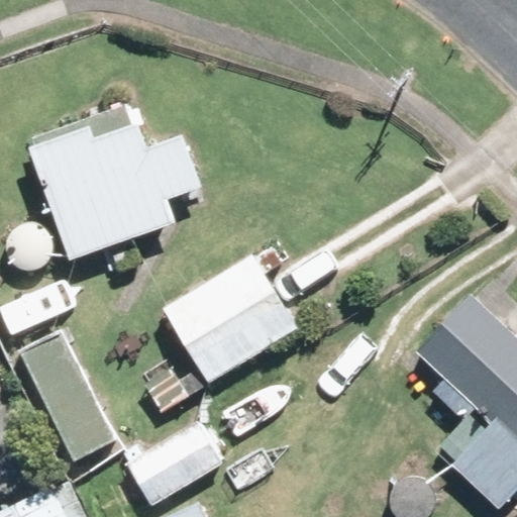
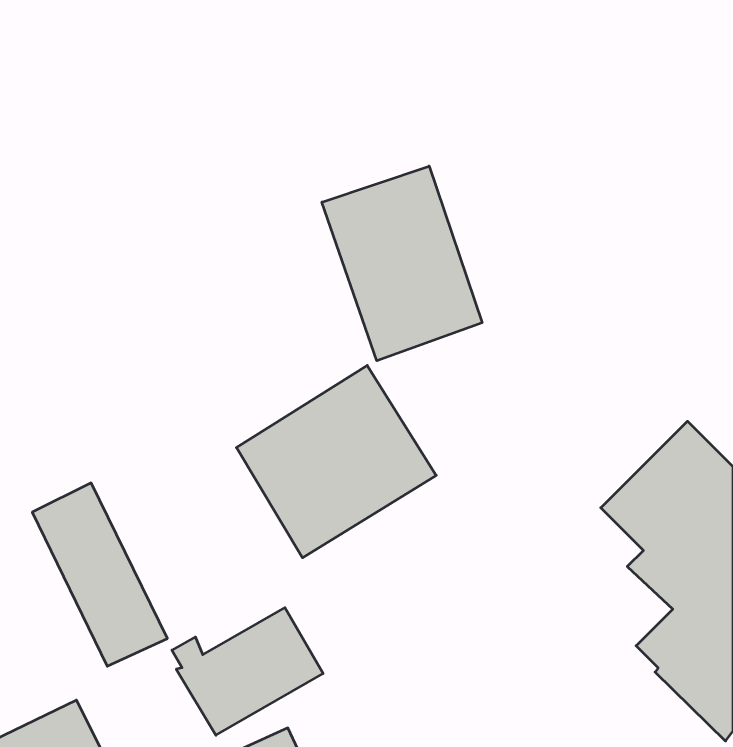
building: [28,106,201,262] -> none
building: none -> [322,166,482,361]

